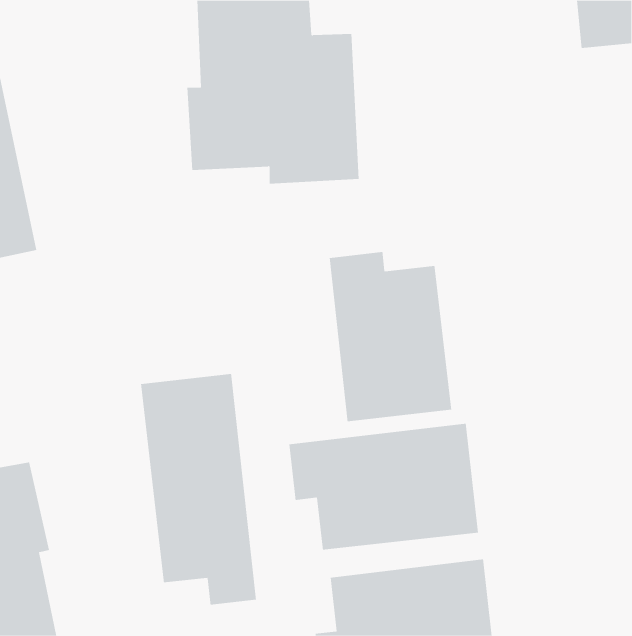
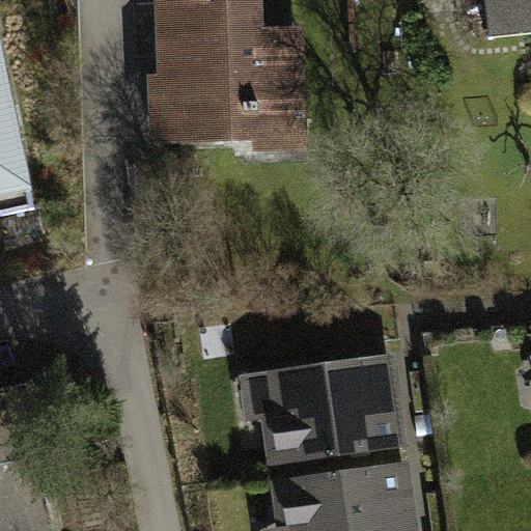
building: [329,251,452,422] -> none
building: [141,373,256,606] -> none

